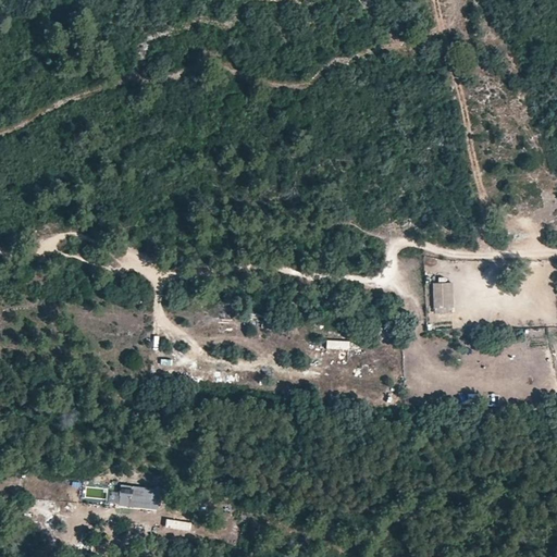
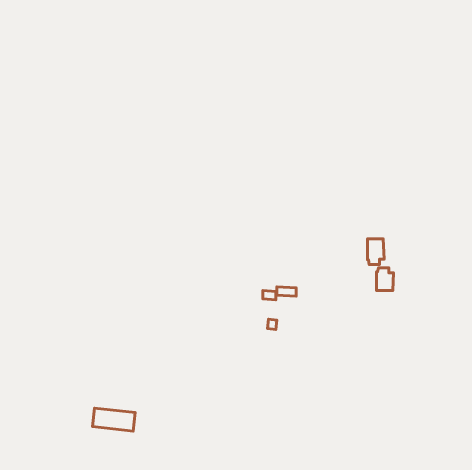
building: none -> [376,268,394,290]

